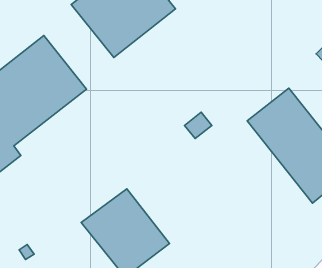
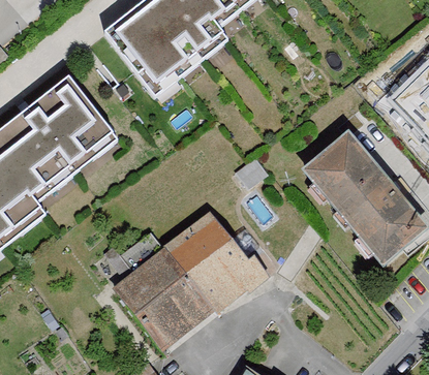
building: none -> [166,217,262,315]

